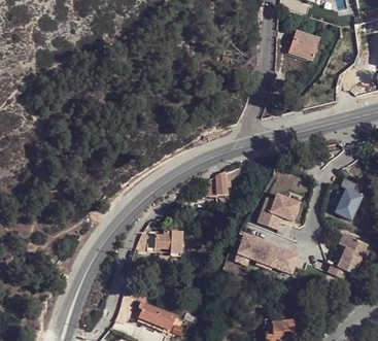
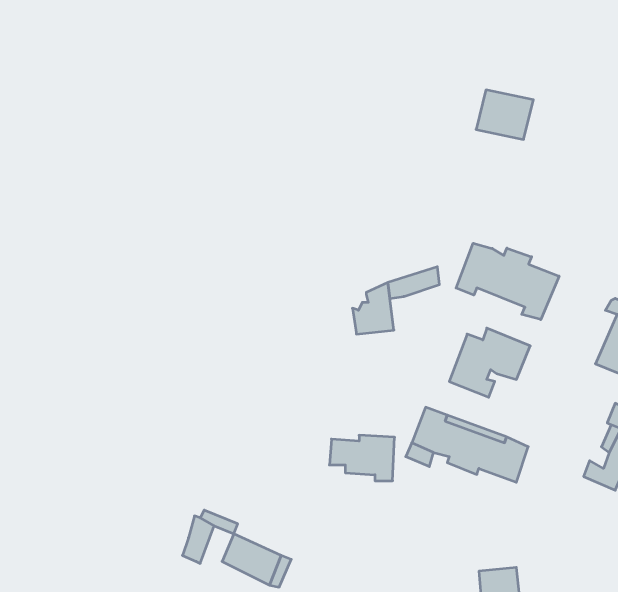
building: [293,30,322,56] -> [476,90,533,139]
building: none -> [456,243,559,320]
building: [146,229,180,252] -> [329,435,395,481]

